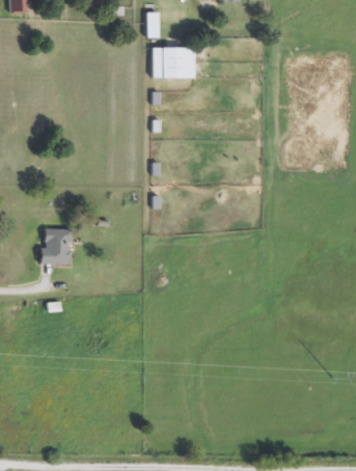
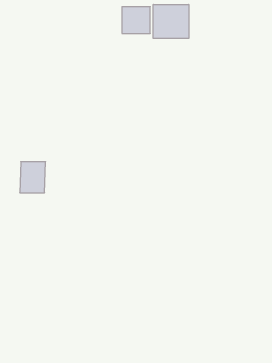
building: none -> [153,4,189,38]

